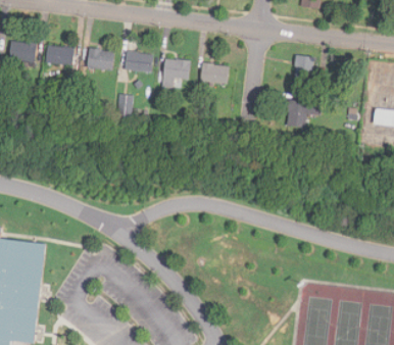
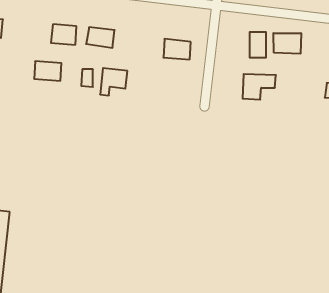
building: [45,45,73,65] -> [34,61,61,81]
building: none -> [273,33,301,54]
building: [166,59,195,88] -> [100,68,127,95]

